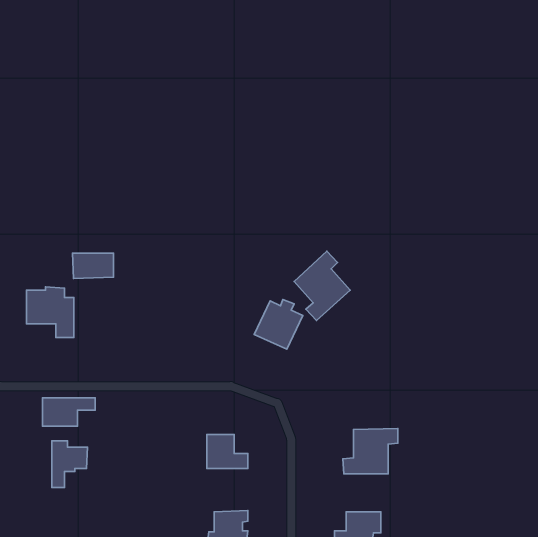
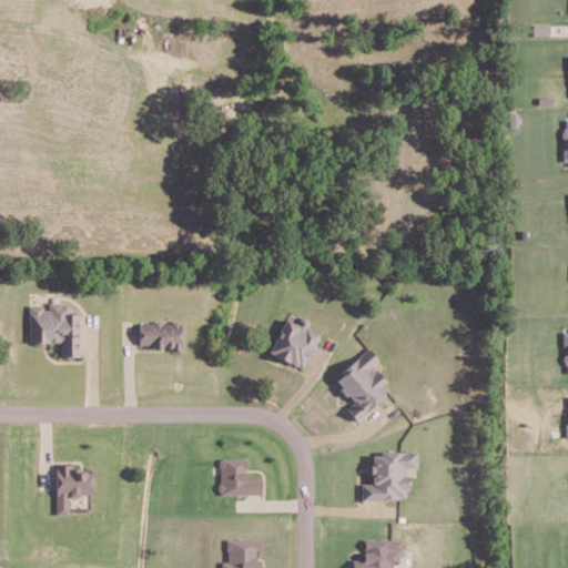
building: [294,251,350,321] -> [334,348,393,422]
building: [72,253,114,278] -> [138,323,181,349]
building: [43,398,95,426] -> none

